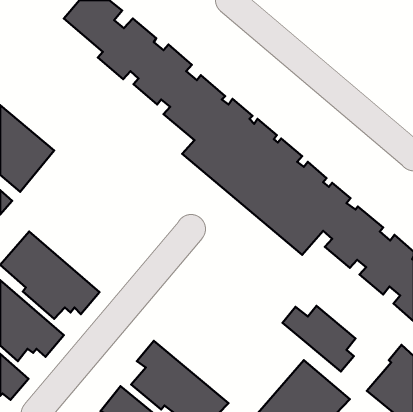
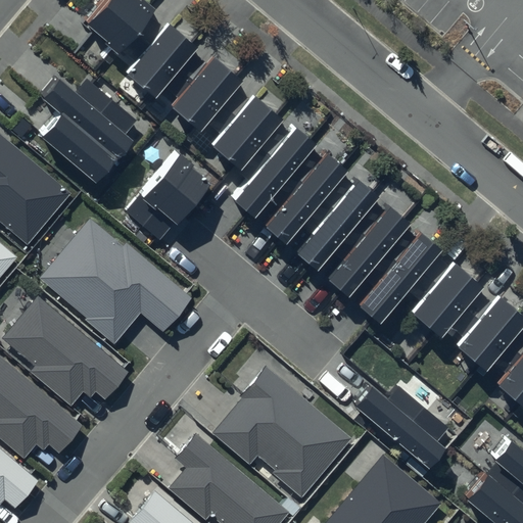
building: none -> [36,77,137,187]
building: none -> [125,152,210,242]
building: none -> [37,216,191,343]
building: none -> [209,367,353,500]

